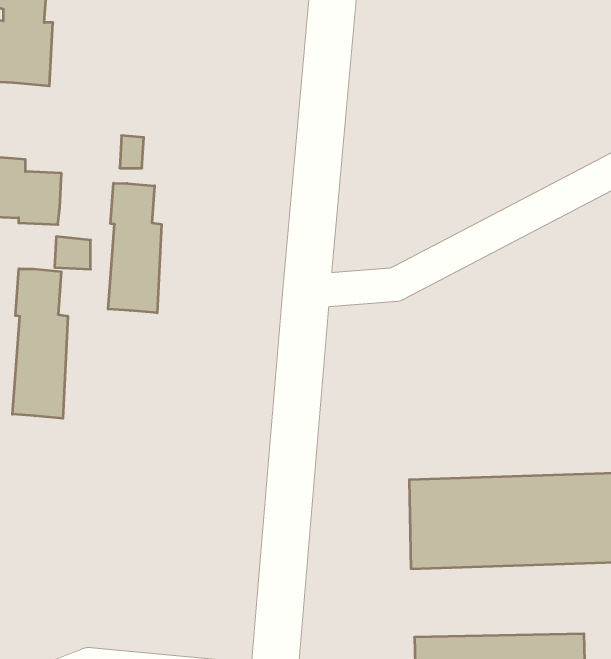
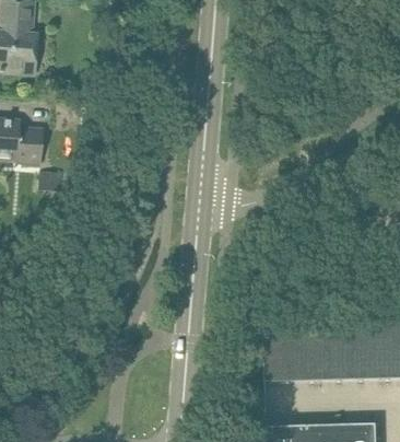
building: [108,183,161,313] -> none
building: [12,269,68,418] -> none

